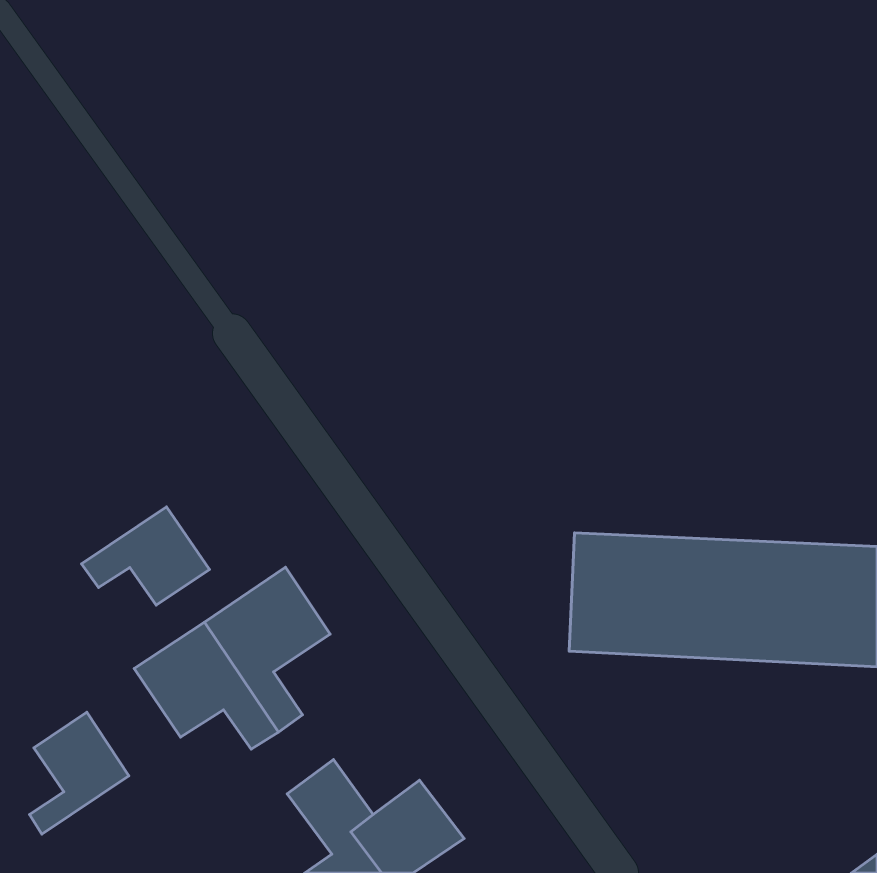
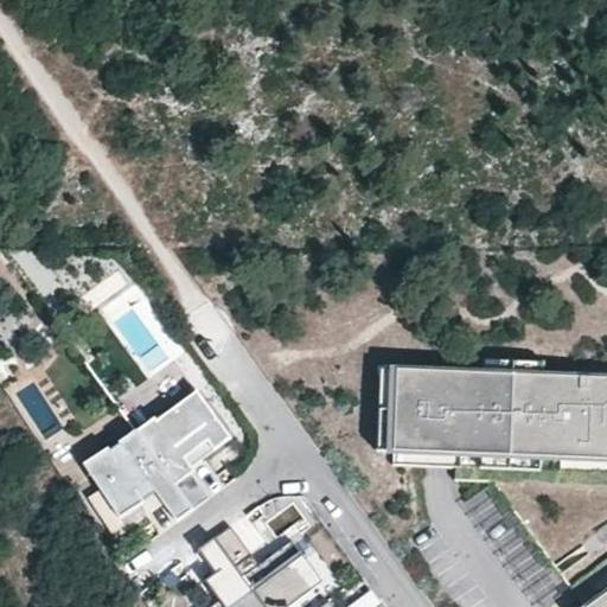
building: [81,507,209,605] -> none
building: [30,712,129,834] -> none

